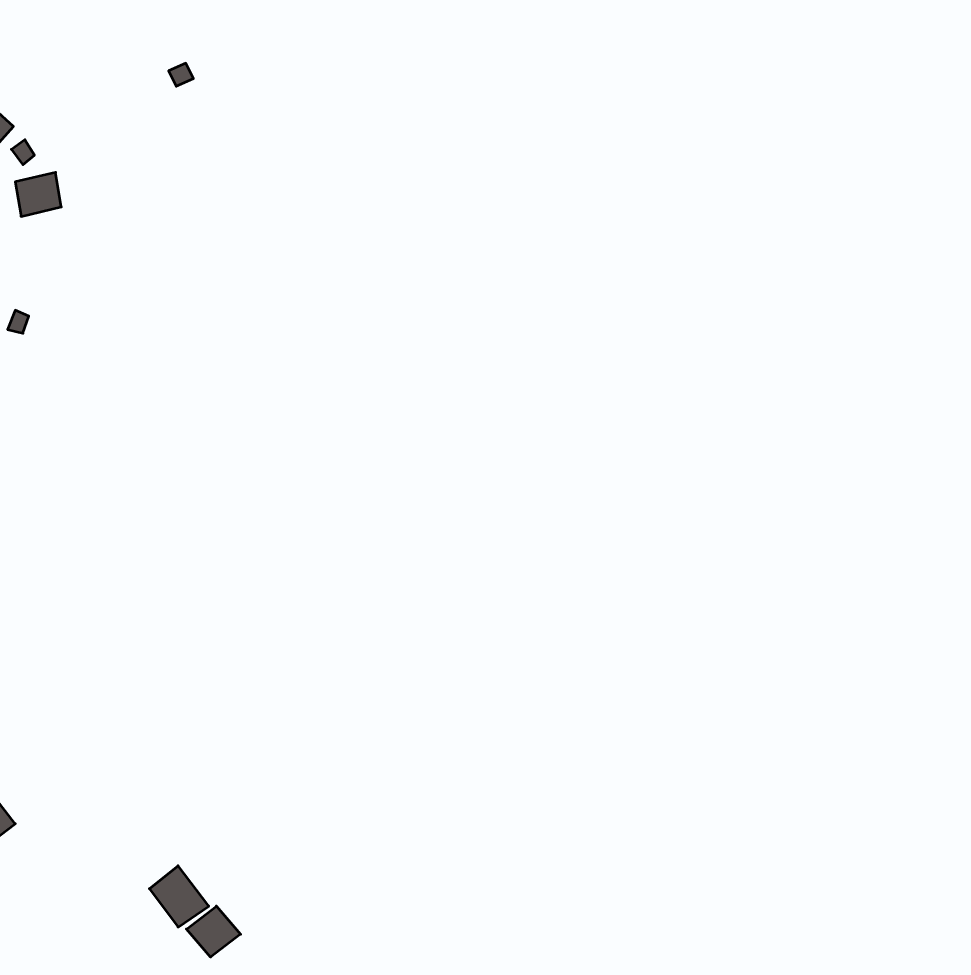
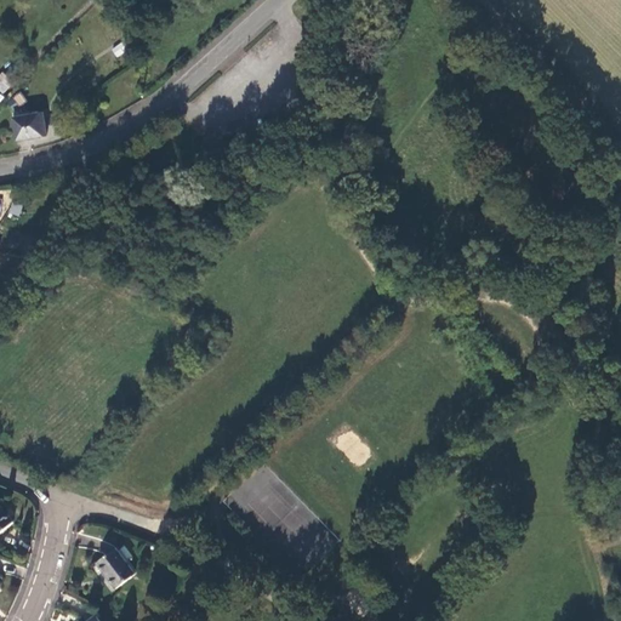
building: [186,906,241,957] -> none

